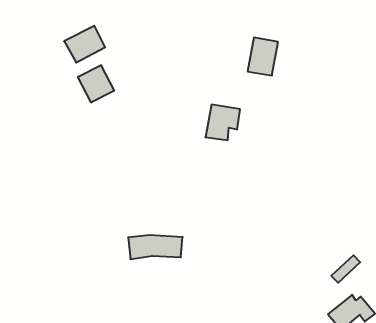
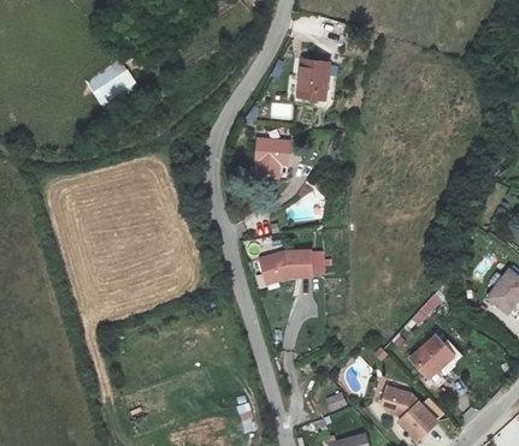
building: [78,65,114,103] -> none
building: [128,235,183,259] -> [263,250,324,280]

